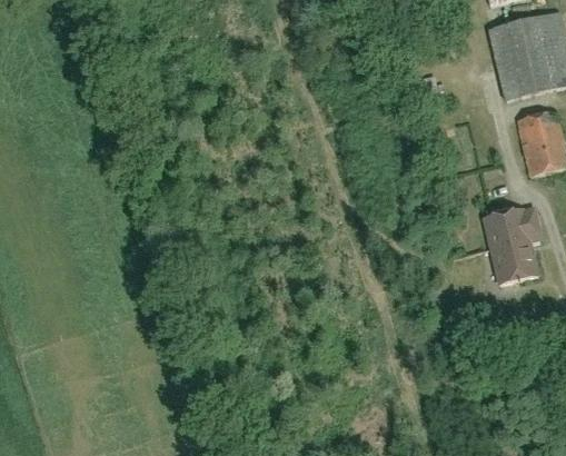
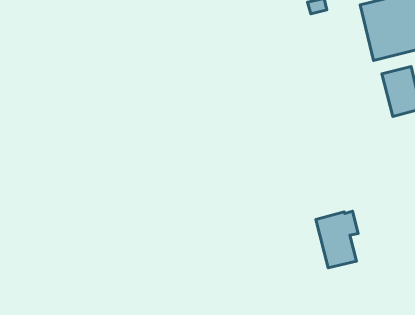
building: [484,207,540,282] -> [316,211,358,268]

